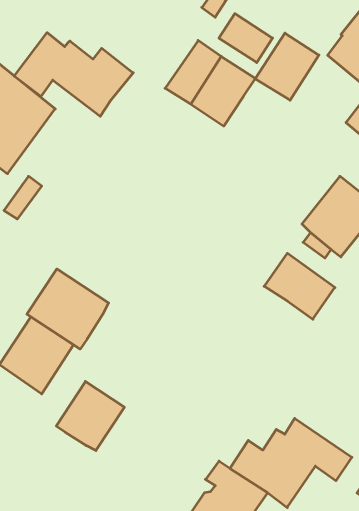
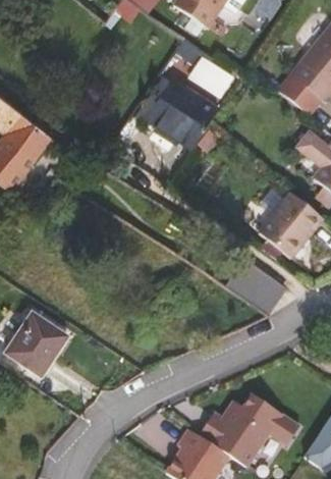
building: [14,33,133,116] -> none
building: [255,33,319,100] -> none
building: [27,269,109,349] -> none
building: [56,381,124,451] -> none

